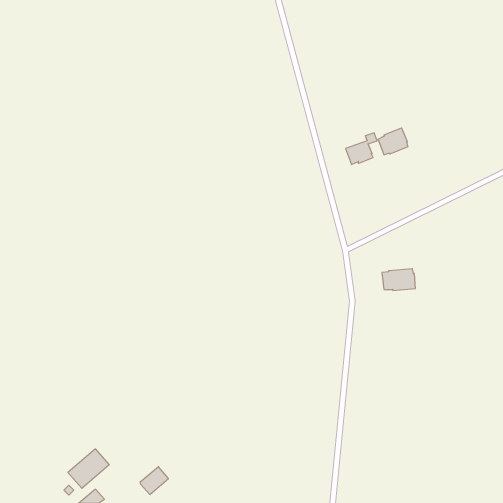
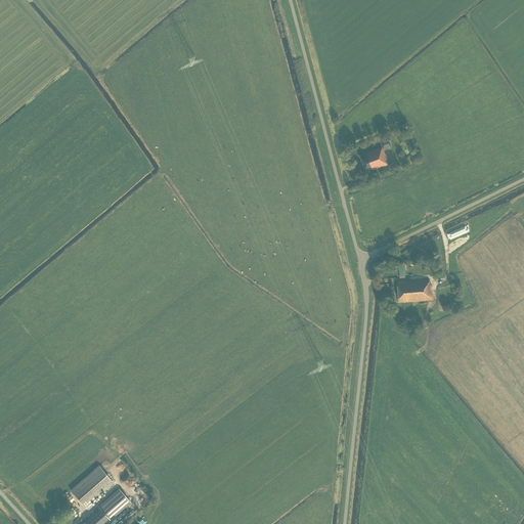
building: [378,128,408,155] -> none
building: [140,467,168,494] -> [98,490,128,519]

